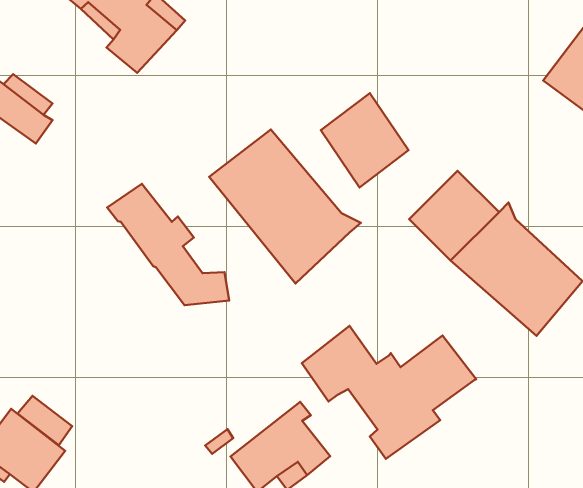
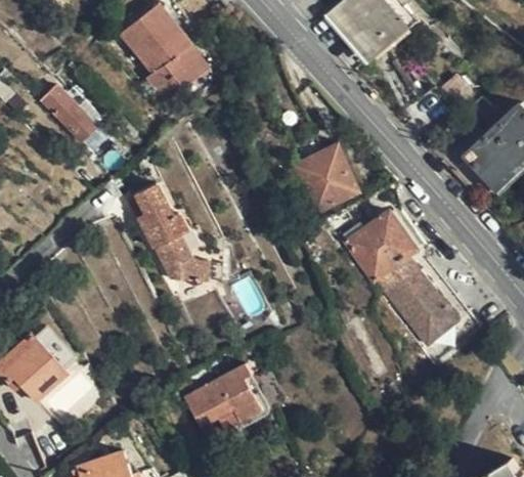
building: [209,129,361,284] -> none
building: [302,326,476,459] -> none

